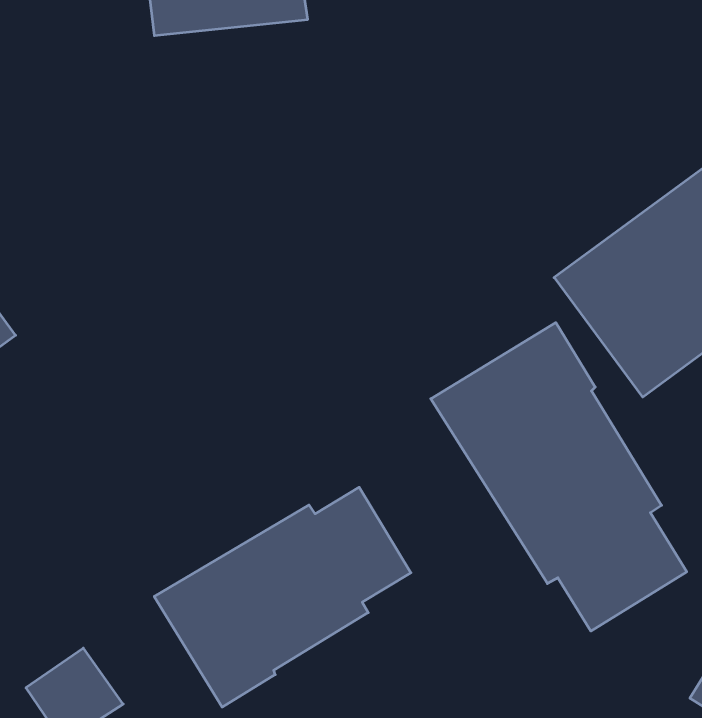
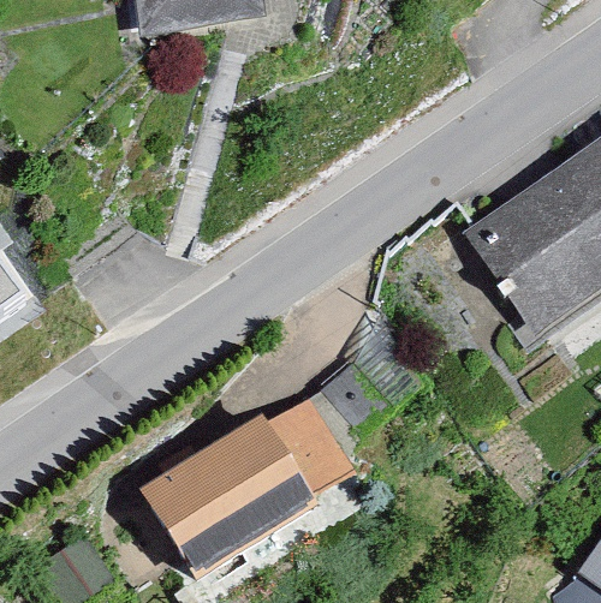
building: [431,323,687,631] -> none

